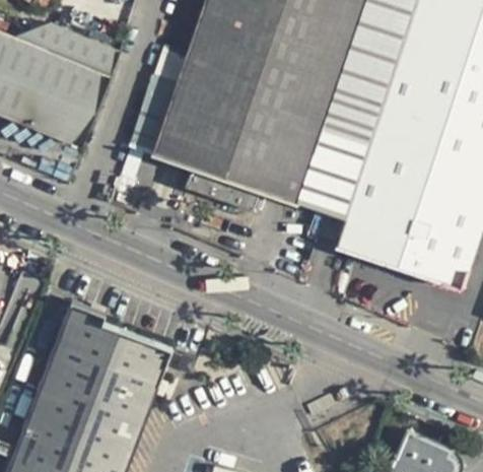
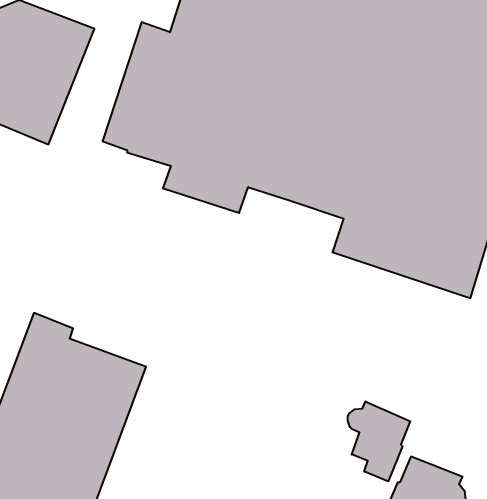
building: none -> [348,401,410,481]

